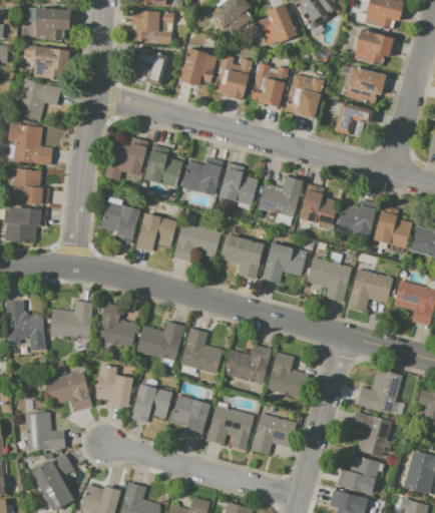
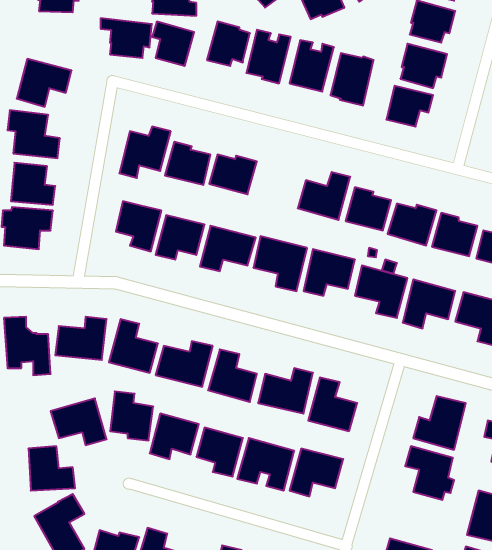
building: [25,45,69,79] -> [101,18,152,58]
building: [219,162,259,208] -> none
building: [337,455,380,496] -> none

